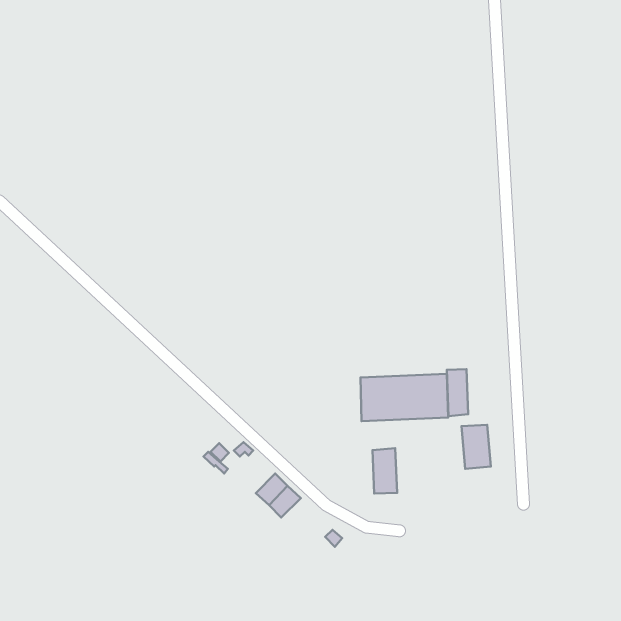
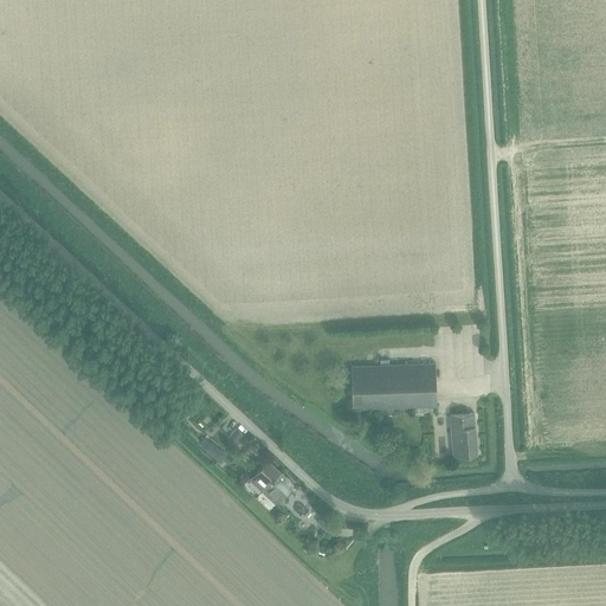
building: [447,369,468,416] -> none
building: [372,448,397,494] -> none

